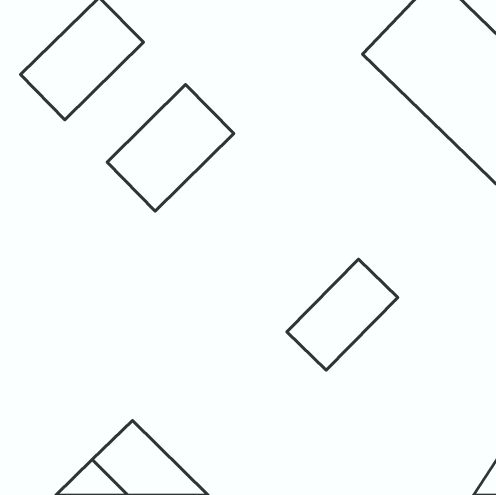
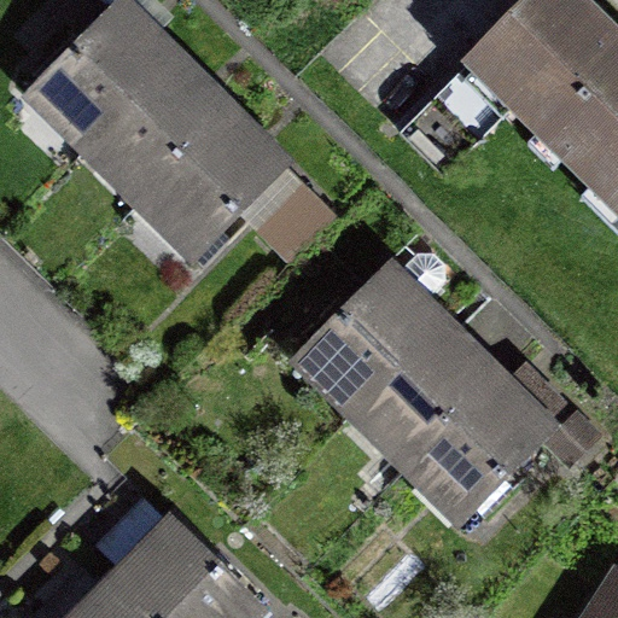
building: none -> [87,52,235,199]
building: none -> [299,260,448,408]
building: none -> [408,366,559,518]

